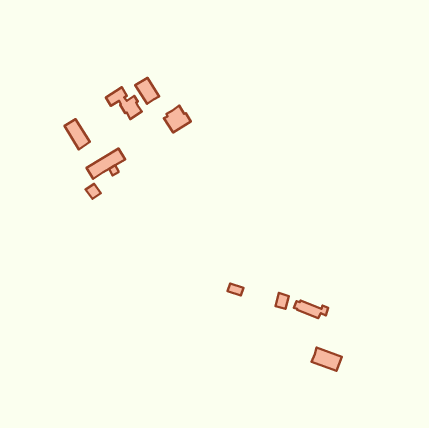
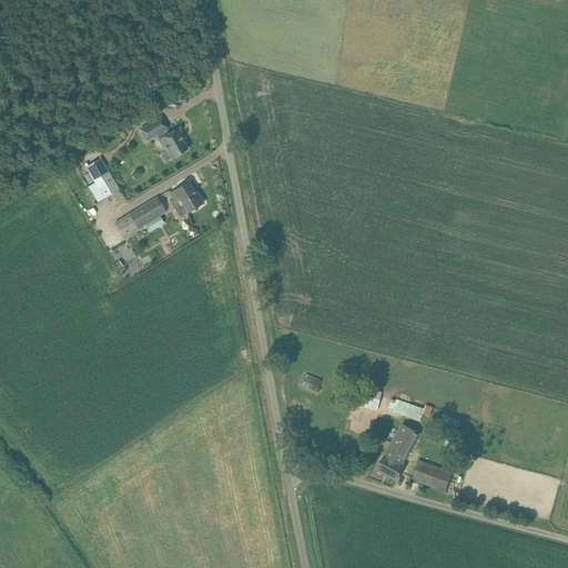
building: [135,78,159,104] -> none
building: [164,106,191,132] -> [168,181,203,216]
building: none -> [376,423,419,479]

